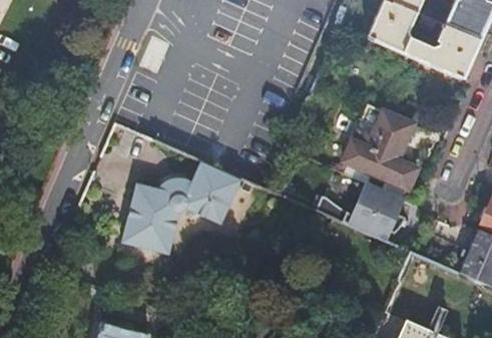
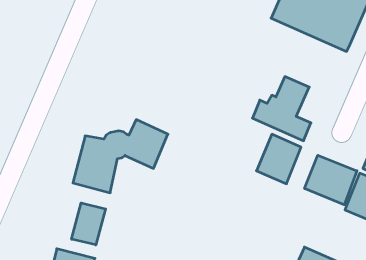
building: none -> [305,155,357,205]
building: none -> [72,203,106,245]

